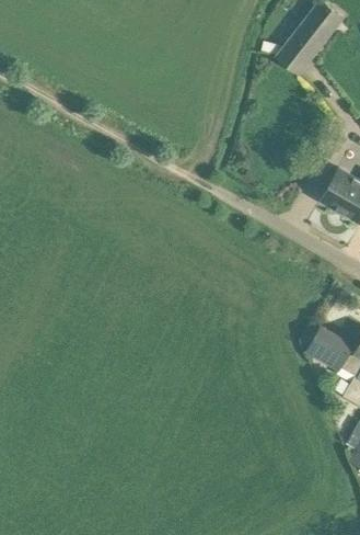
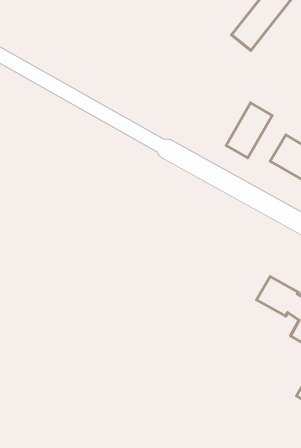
building: none -> [226,103,272,158]

